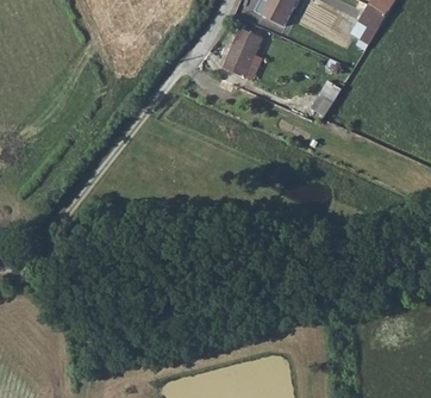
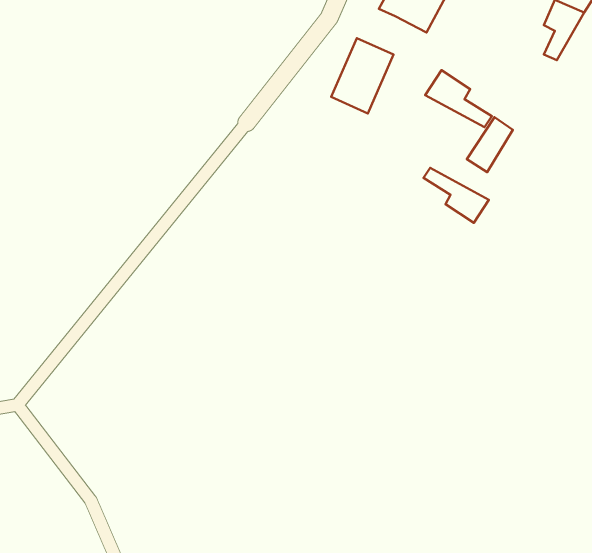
building: none -> [425,70,492,127]
building: none -> [424,168,489,223]

